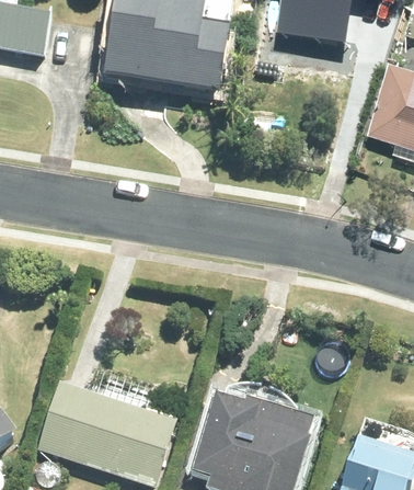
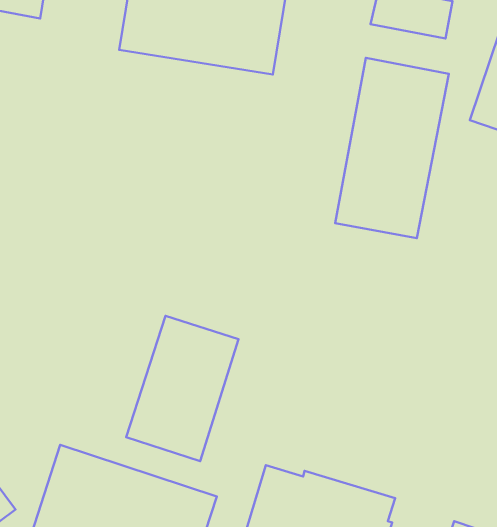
building: none -> [335,58,449,238]
building: none -> [126,316,239,461]

